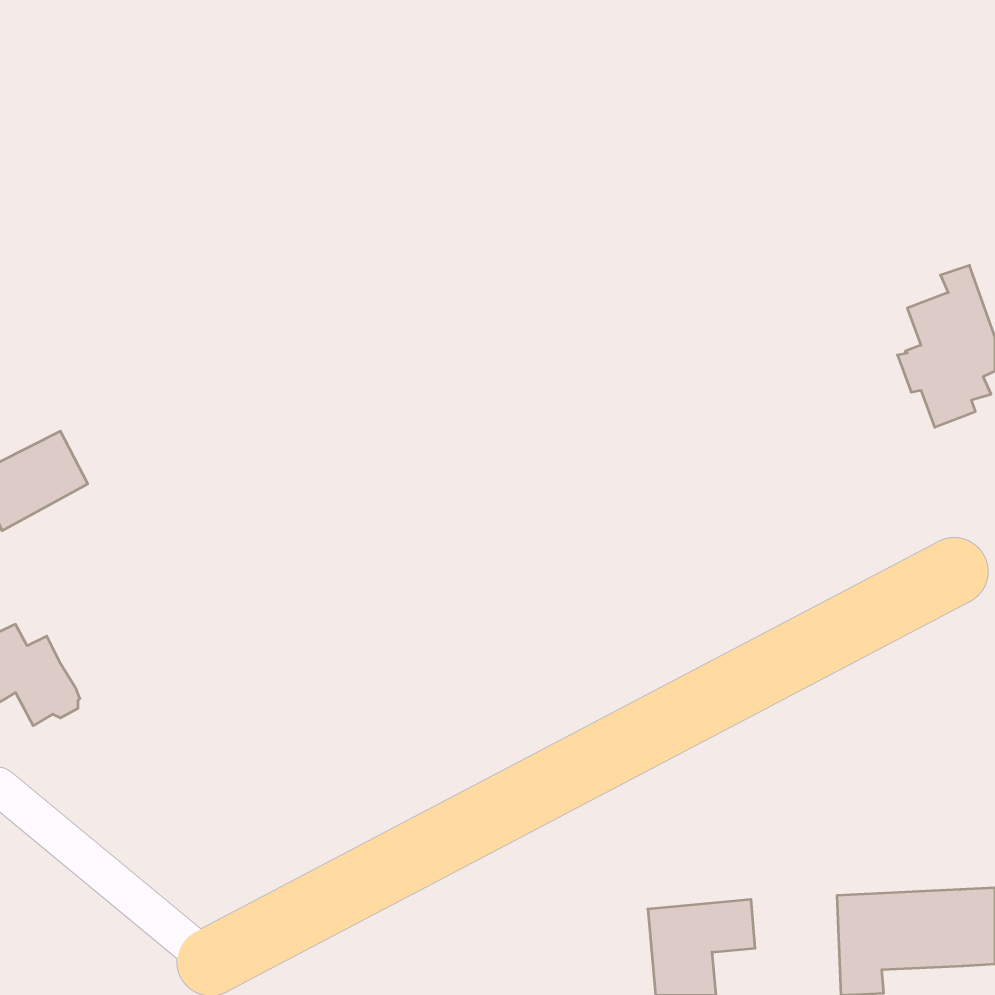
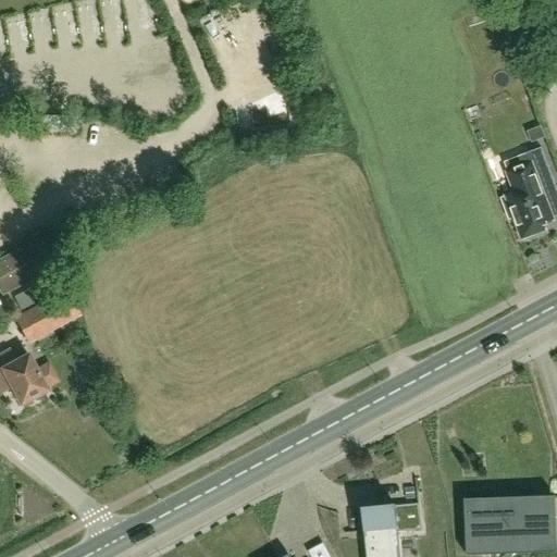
building: none -> [12,301,55,344]

